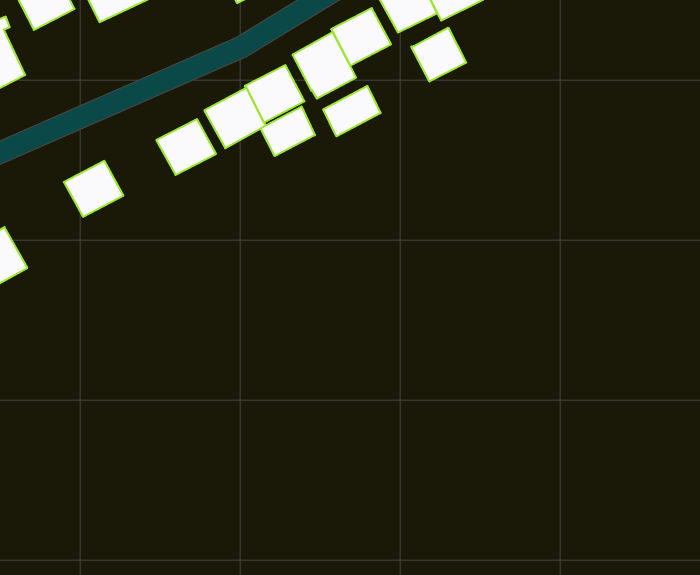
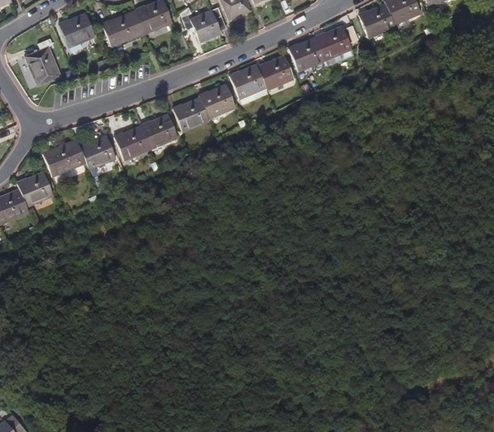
building: [411,28,466,82] -> none
building: [323,86,381,136] -> none
building: [261,106,315,156] -> none
building: none -> [112,124,149,159]
building: none -> [42,138,85,175]

